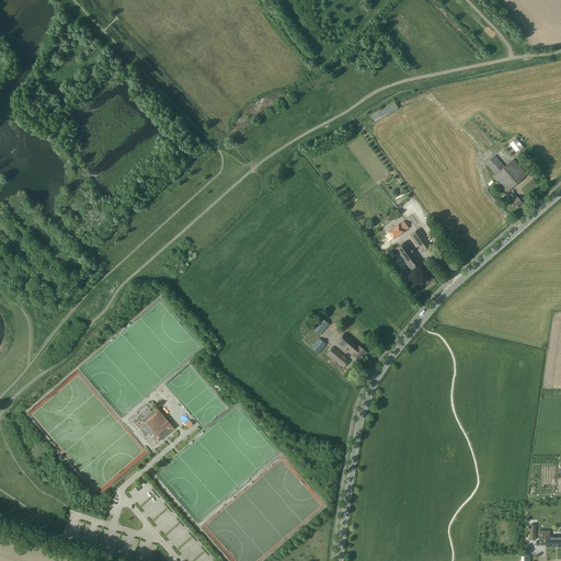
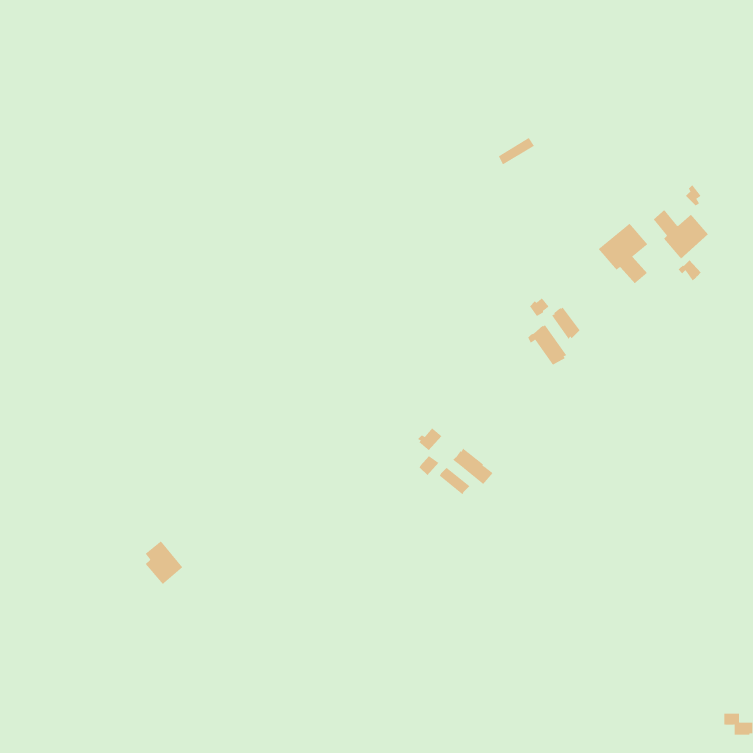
building: none -> [598,223,648,284]
building: [145,409,173,442] -> [145,541,183,585]

